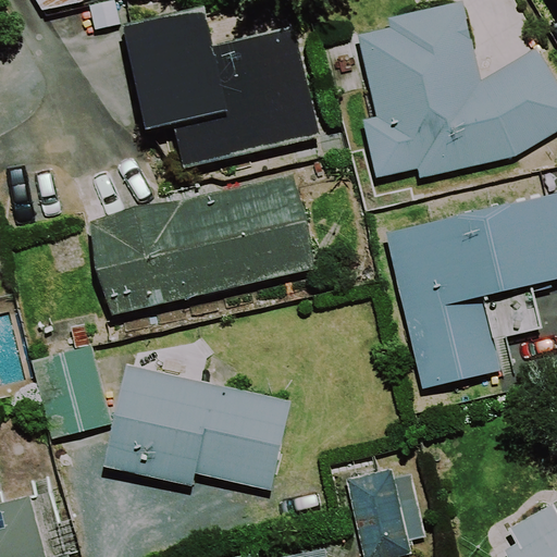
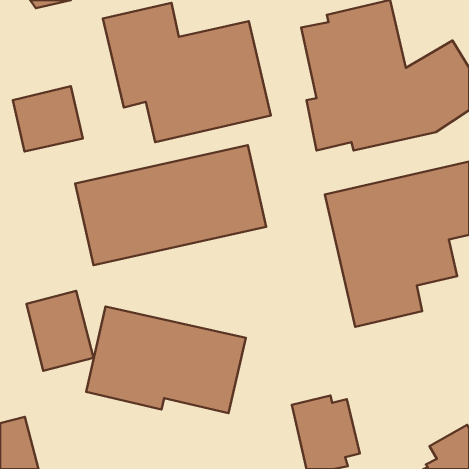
building: none -> [13,86,83,152]

